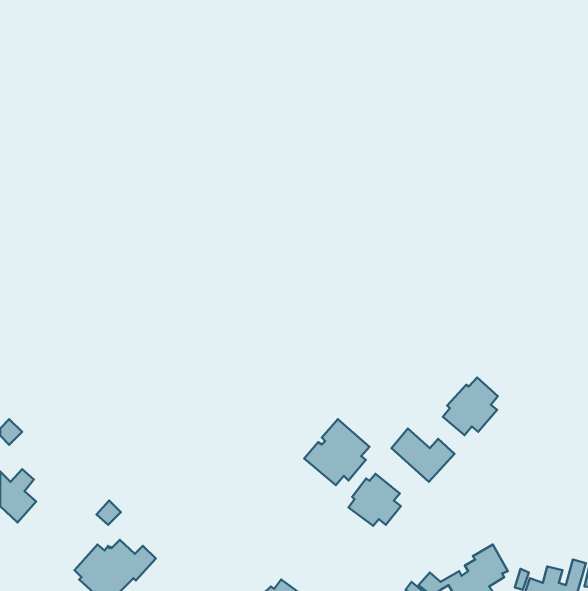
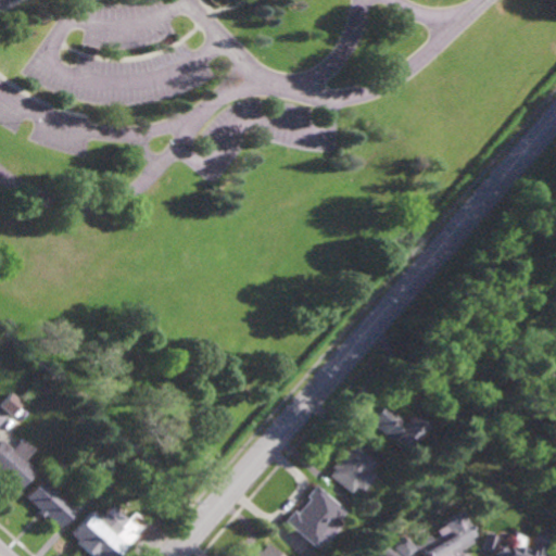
building: [443,378,498,435] -> none
building: [304,419,369,485] -> [287,485,348,547]
building: none -> [28,480,78,528]

